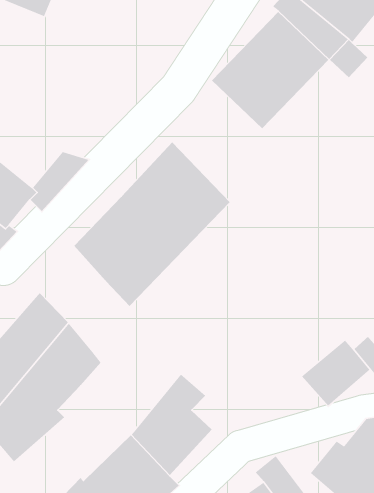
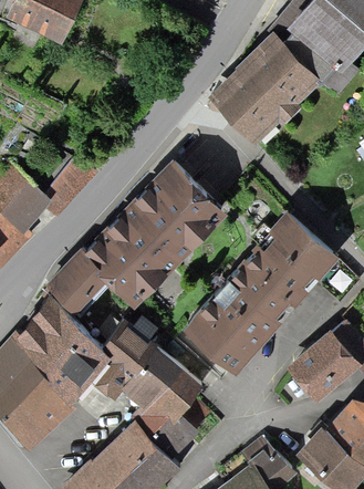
building: none -> [188,216,334,371]
building: none -> [46,247,113,319]
building: none -> [91,316,181,418]

